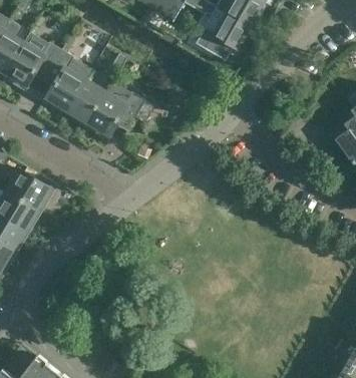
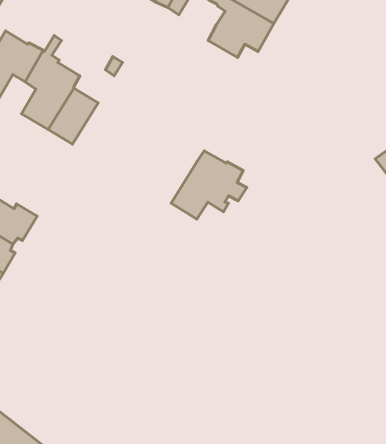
building: [86,83,148,139] -> [171,151,247,219]

